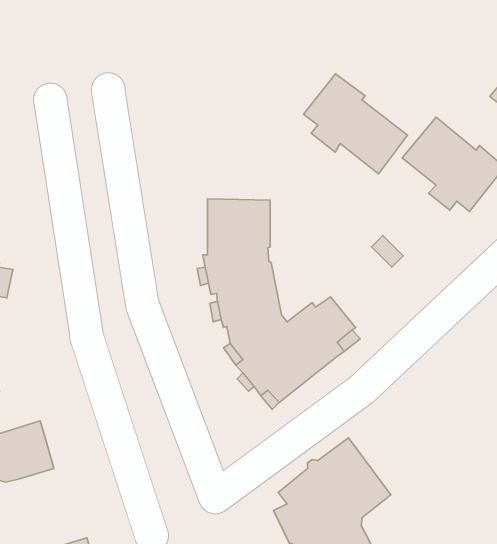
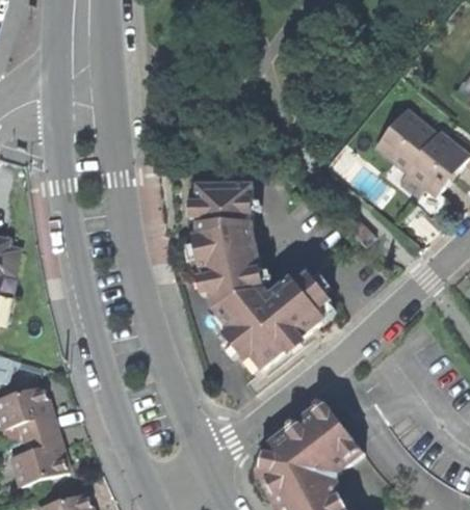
building: [303,74,408,174] -> none
building: none -> [12,429,69,486]

